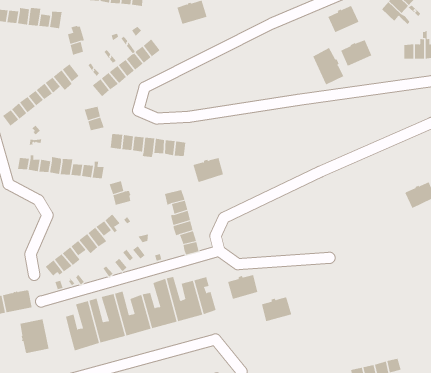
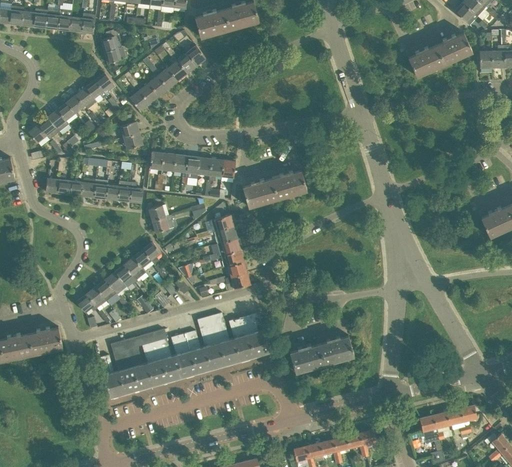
building: [328,5,360,33] -> [436,33,472,64]
building: none -> [194,10,230,38]
building: [312,47,344,85] -> none
building: none -> [272,170,307,198]
building: [227,274,258,300] -> [289,344,324,373]
building: [20,319,49,354] -> none

